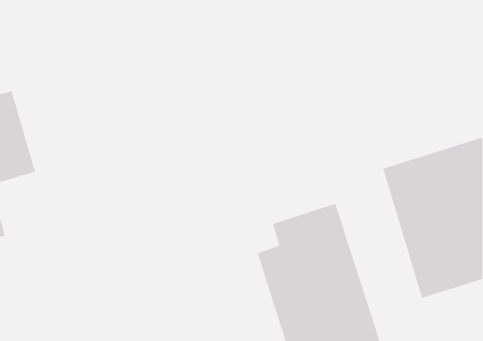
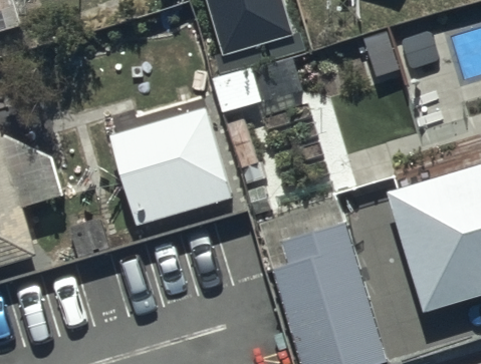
building: none -> [107,105,232,226]

